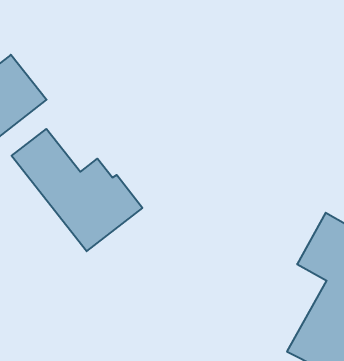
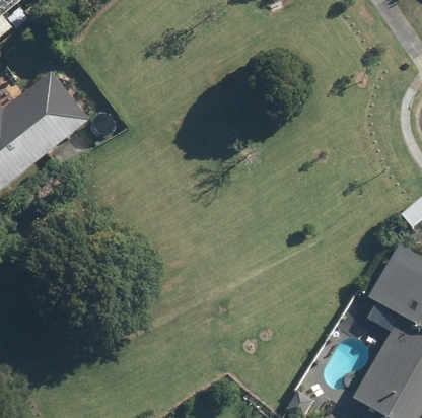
building: [12,129,142,251] -> none

